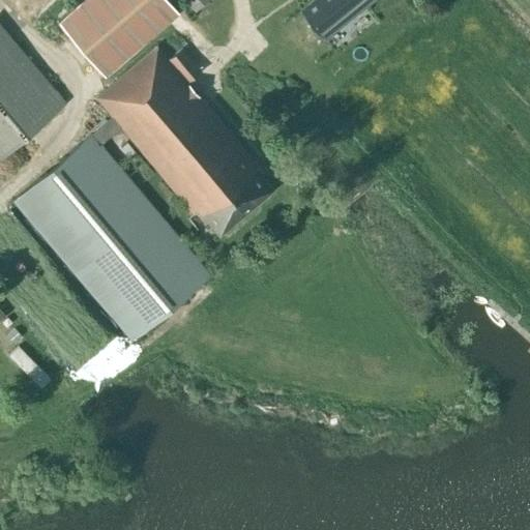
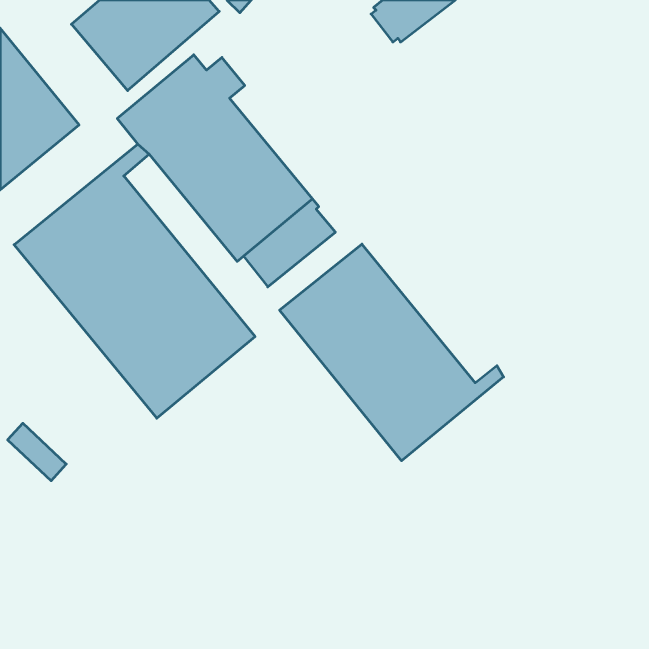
building: none -> [280,244,504,461]

